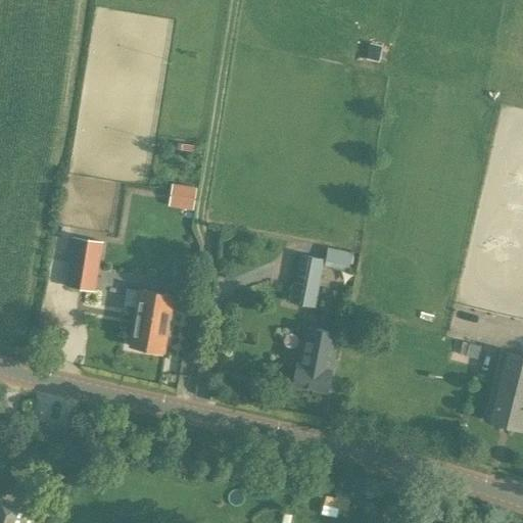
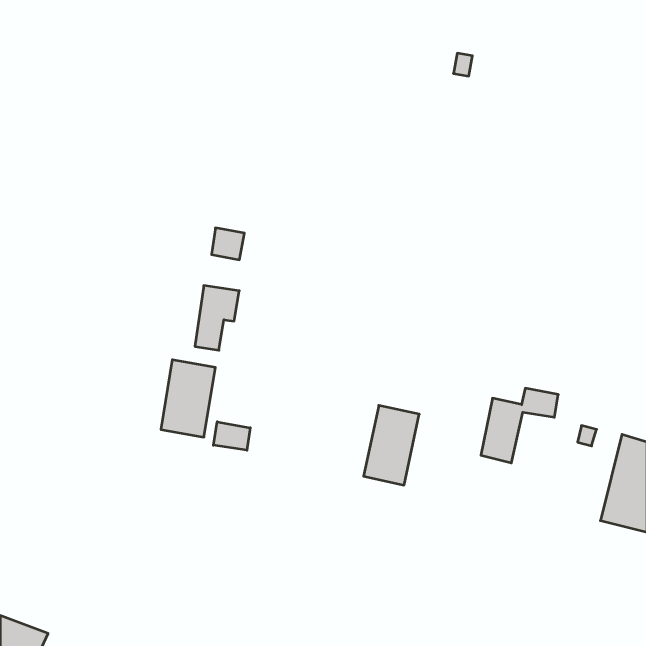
building: [67,239,103,291] -> [195,286,239,350]
building: [291,247,353,307] -> [481,388,558,463]
building: none -> [213,422,250,450]

